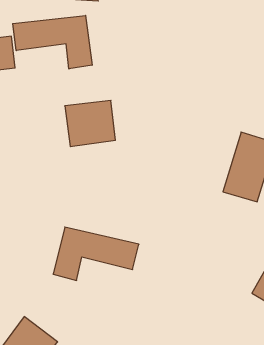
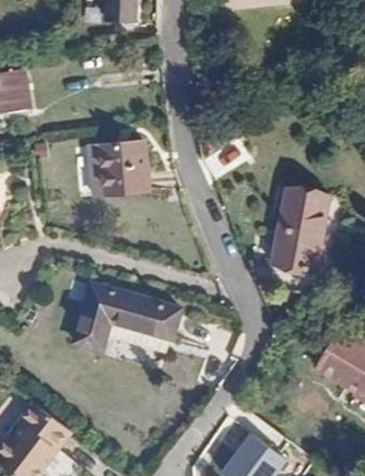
building: [13,15,92,69] -> none

